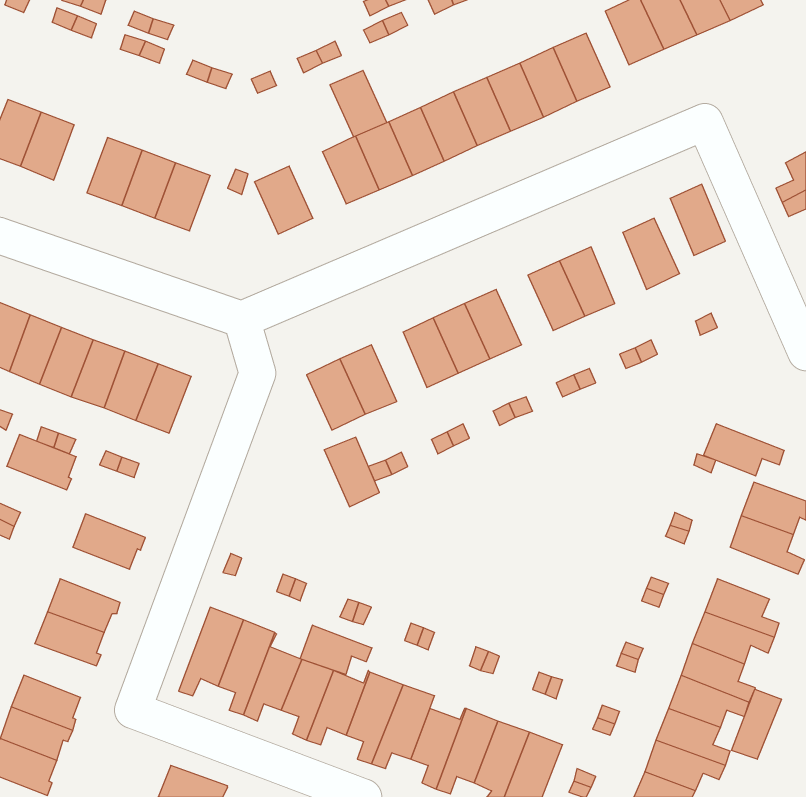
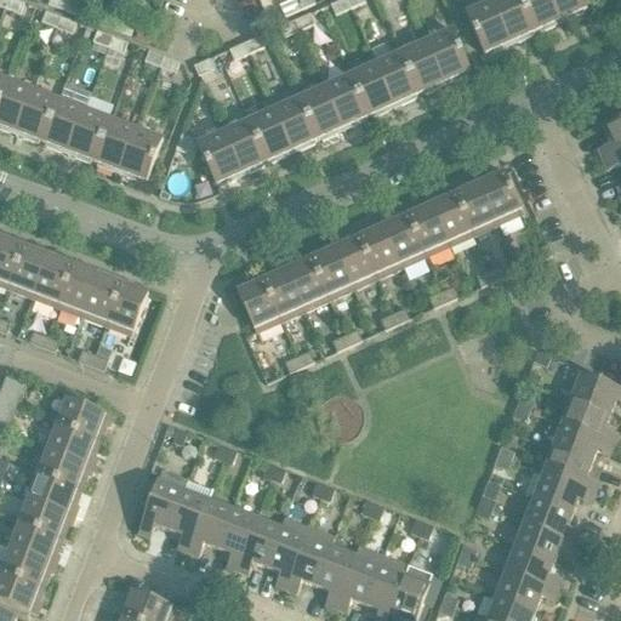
building: [330,70,387,137] -> [222,116,266,167]
building: none -> [41,96,82,148]
building: [670,184,725,255] -> [454,178,496,233]
building: none -> [381,211,425,264]
building: [704,424,784,476] -> [551,420,613,460]
building: [7,435,76,490] -> [46,420,99,462]
building: [324,437,379,507] -> [285,255,327,308]
building: [300,625,372,675] -> none
building: none -> [18,494,74,535]
building: [732,689,781,759] -> none

